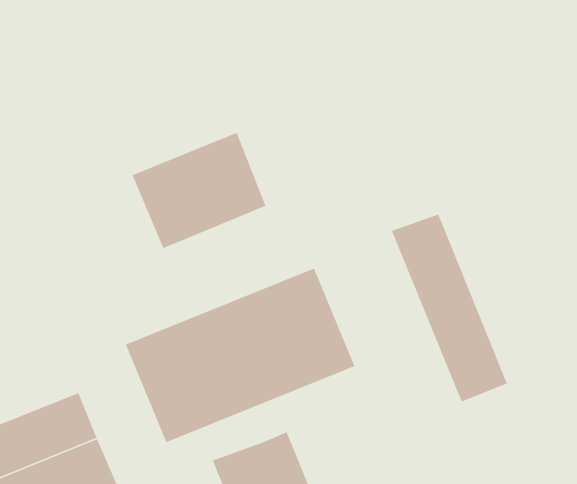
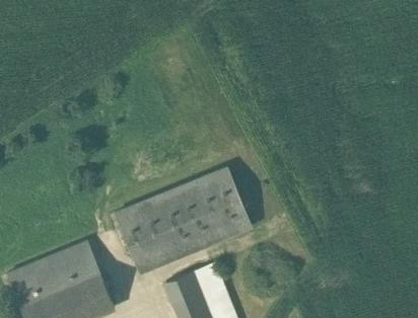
building: [132,132,266,249] -> none
building: [391,214,508,402] -> none

